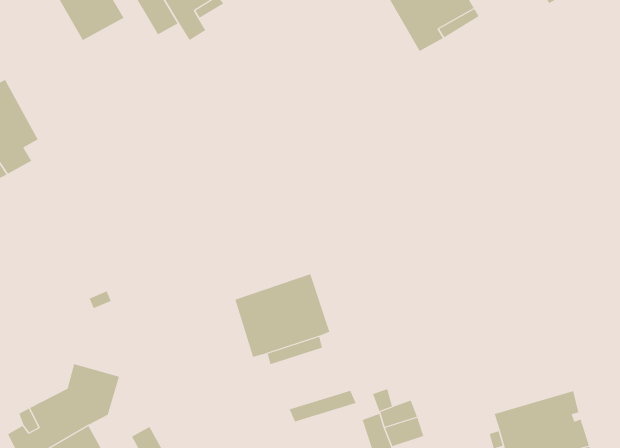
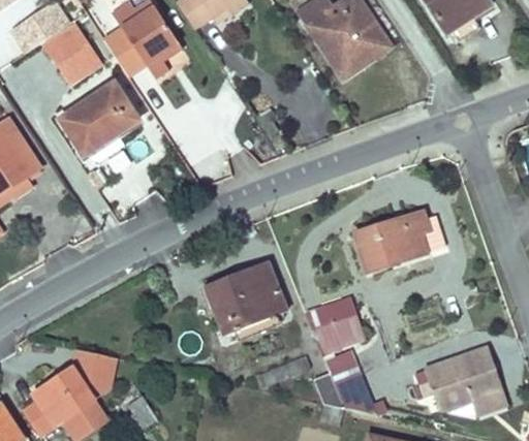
building: none -> [60,83,137,152]
building: none -> [355,211,445,272]
building: none -> [307,295,366,353]

